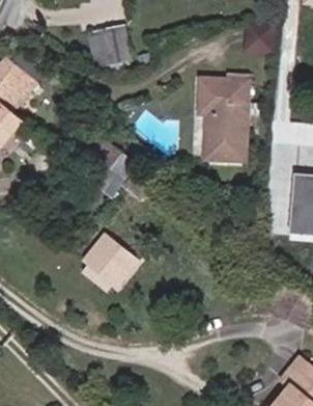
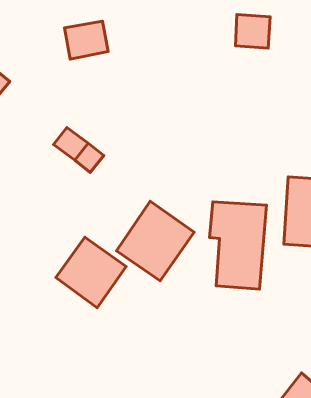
building: [193,78,246,159] -> [209,202,266,289]
building: none -> [116,201,194,281]

